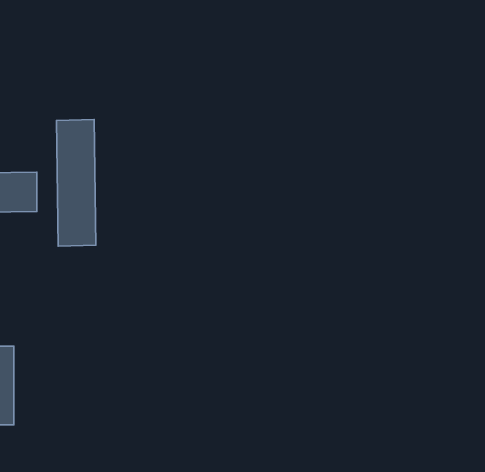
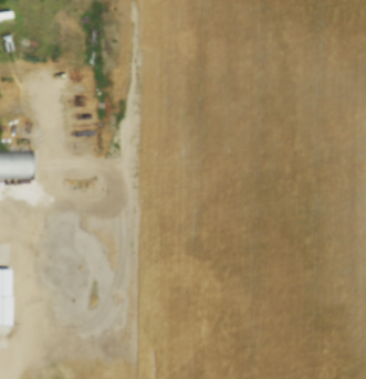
building: [57,120,96,246] -> none

